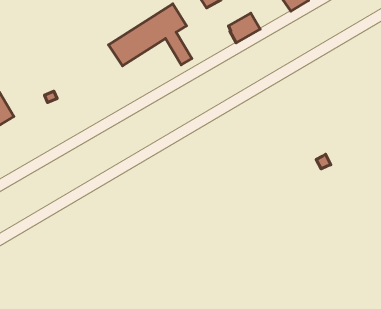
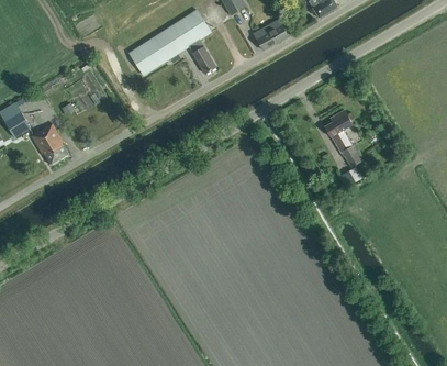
building: none -> [324,110,360,165]
building: none -> [31,123,68,165]

